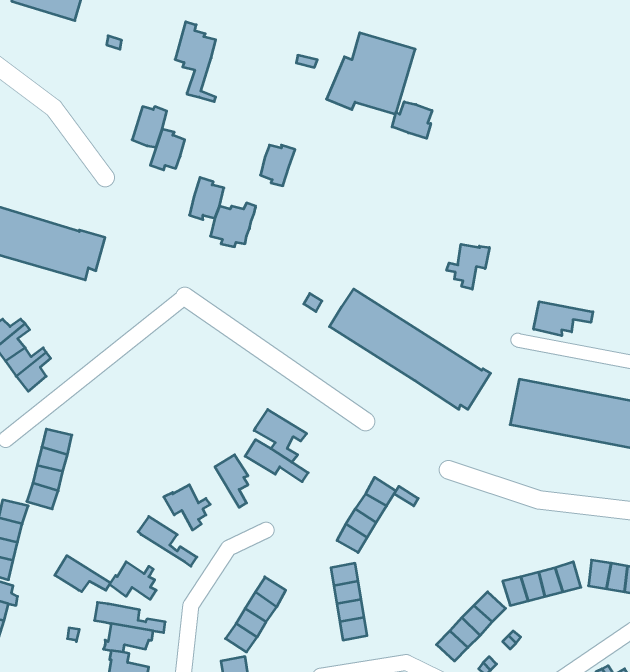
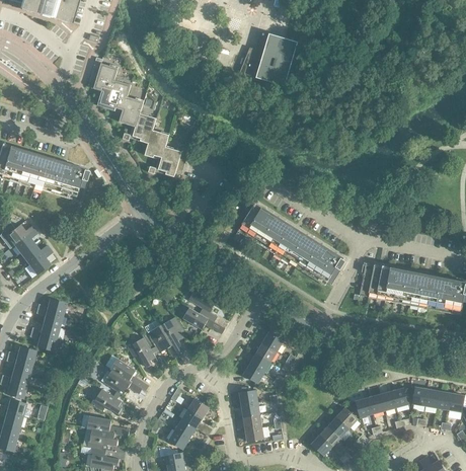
building: [175,22,216,102] -> [89,57,116,110]
building: [392,102,432,138] -> none
building: [260,145,295,186] -> [133,114,156,142]
building: [447,244,489,289] -> none
building: [534,302,593,336] -> none
building: none -> [148,323,180,358]
building: [55,556,110,592] -> [104,369,142,393]

